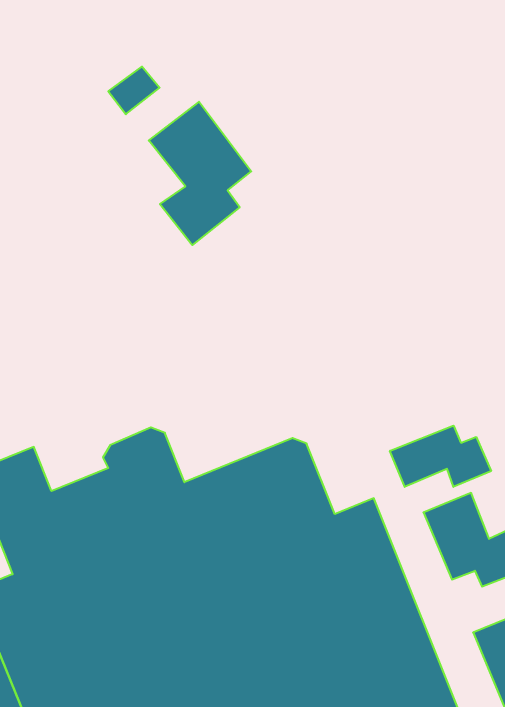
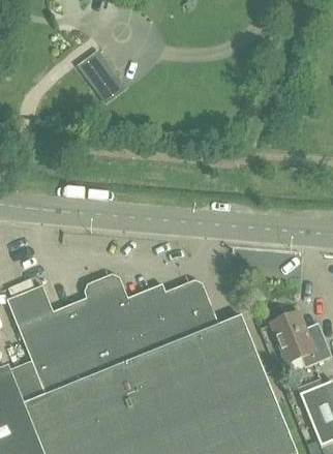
building: [149,102,251,245] -> none
building: [390,426,491,487] -> none

